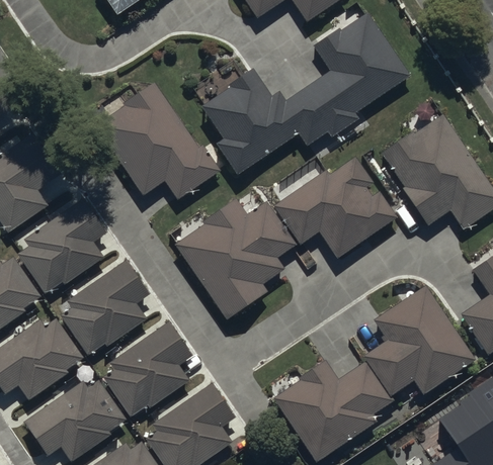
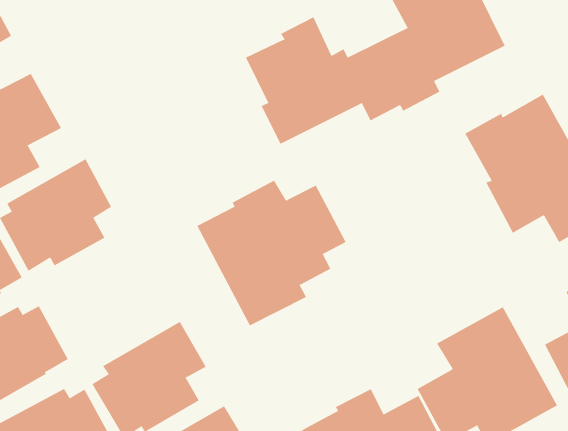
building: [94,83,223,201] -> none
building: [273,157,398,260] -> none
building: [59,258,152,355] -> none

